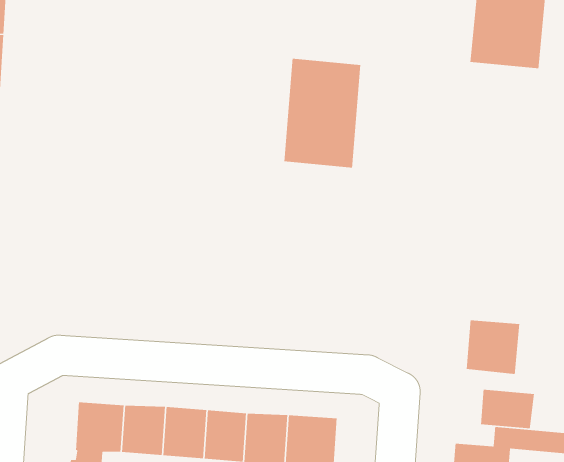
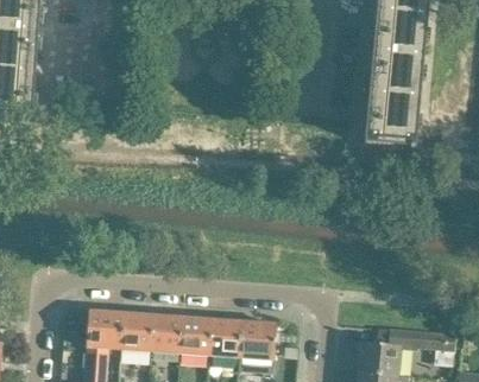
building: [284,58,361,169] -> [366,68,422,147]
building: [466,320,520,375] -> none
building: [480,389,535,429] -> none

